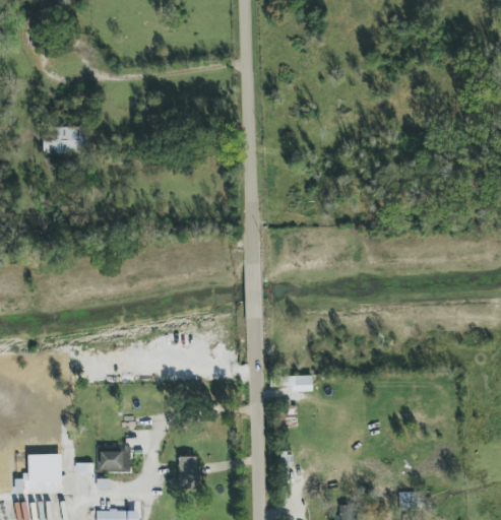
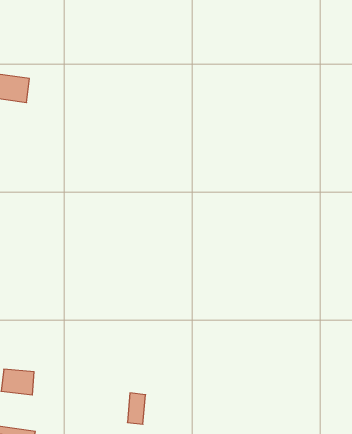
building: [283,375,313,391] -> none
building: [179,456,197,489] -> [127,393,146,424]

